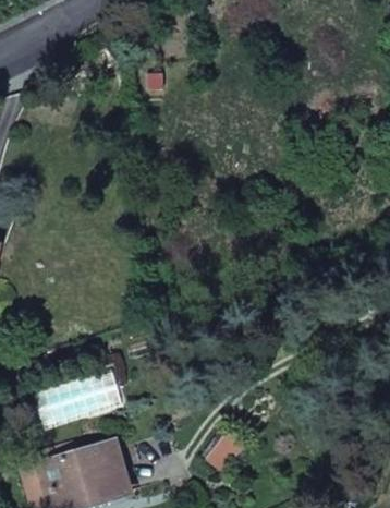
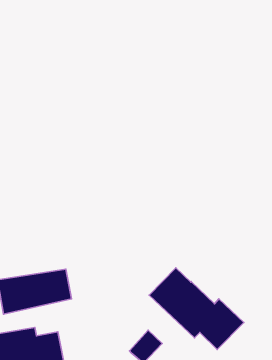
building: none -> [149,268,244,349]

